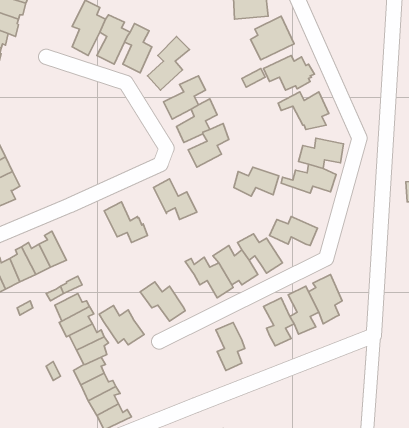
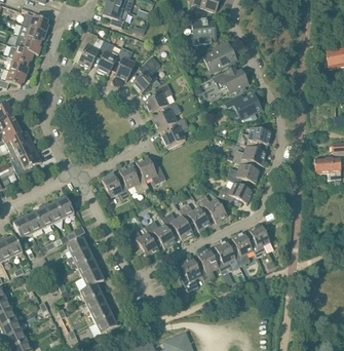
building: [234,167,279,196] -> [227,163,259,184]
building: none -> [118,163,149,192]
building: [99,306,144,345] -> [144,220,176,247]
building: none -> [197,247,218,281]

